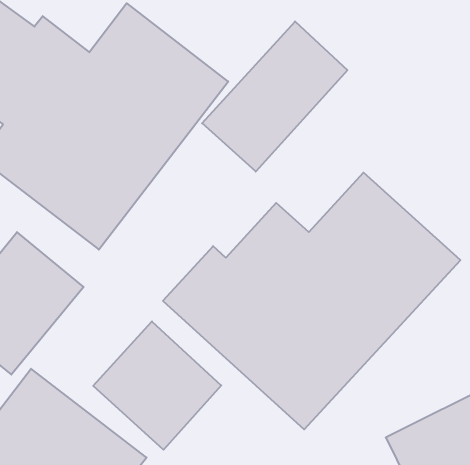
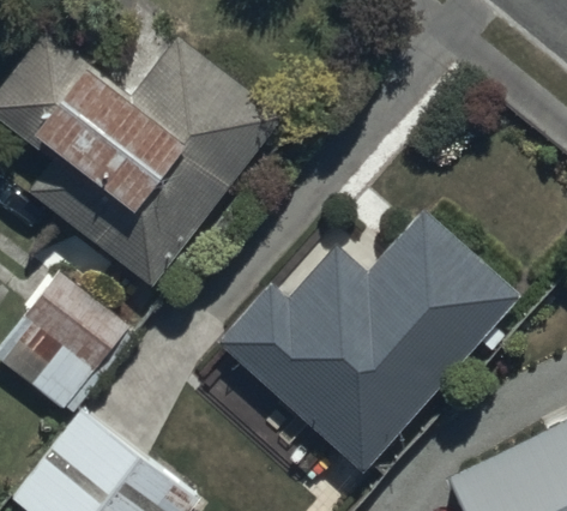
building: [202,21,347,172] -> none
building: [93,321,221,450] -> none

